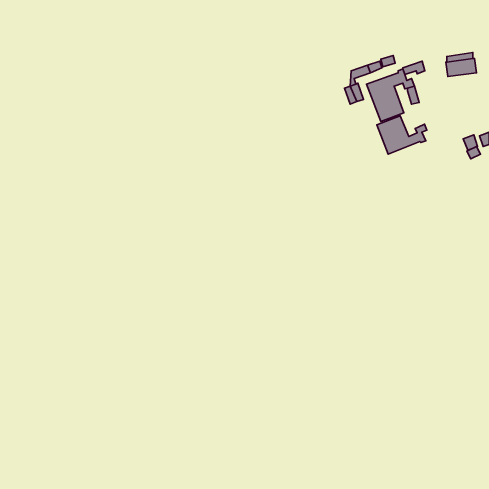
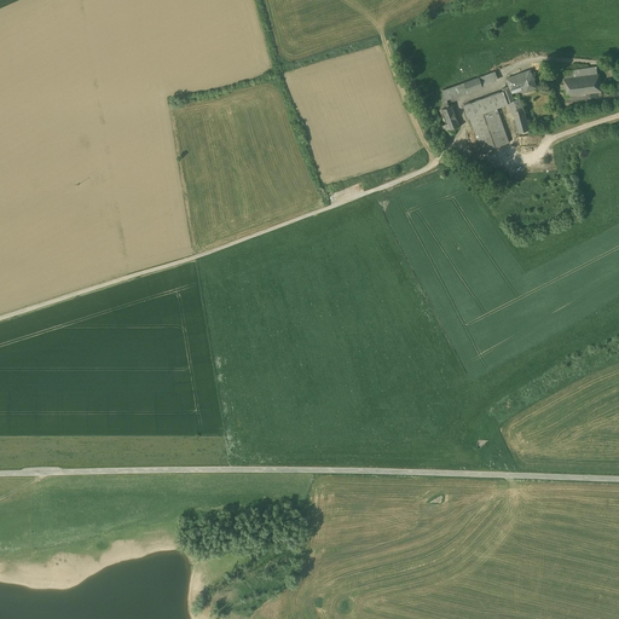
building: [377,116,427,154] -> none

